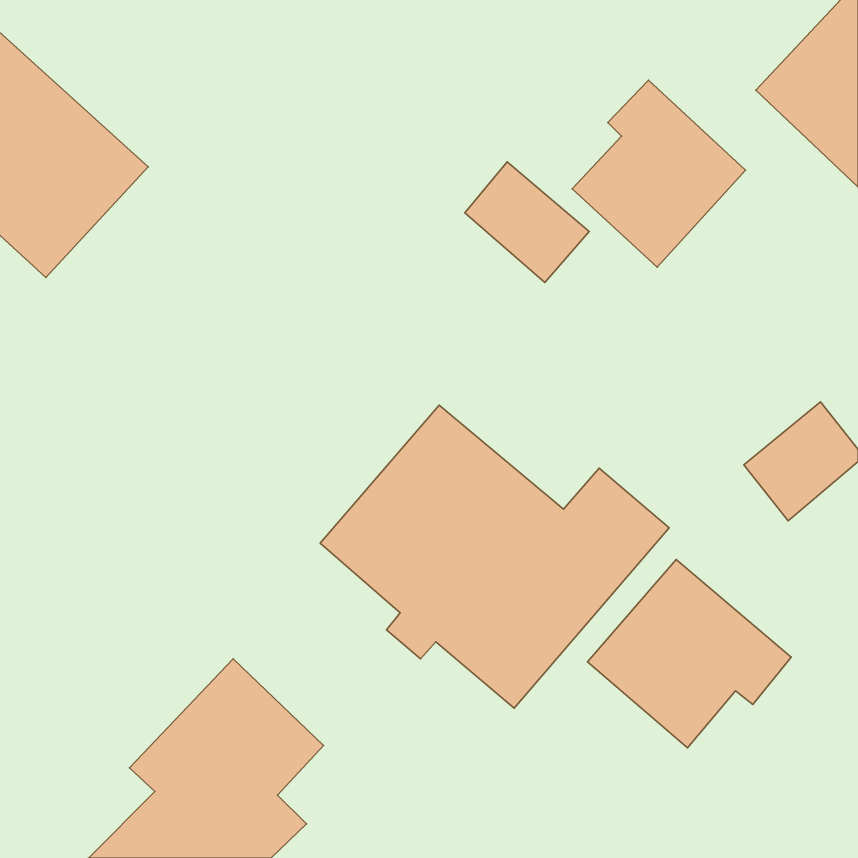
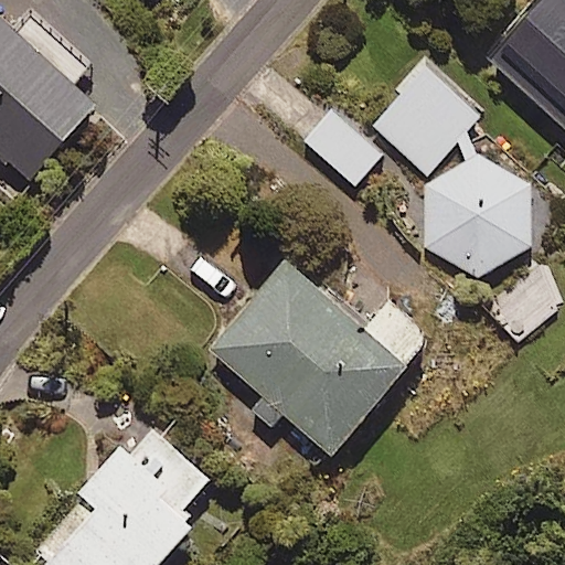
building: none -> [424,154,532,276]
building: [587,559,791,748] -> none

